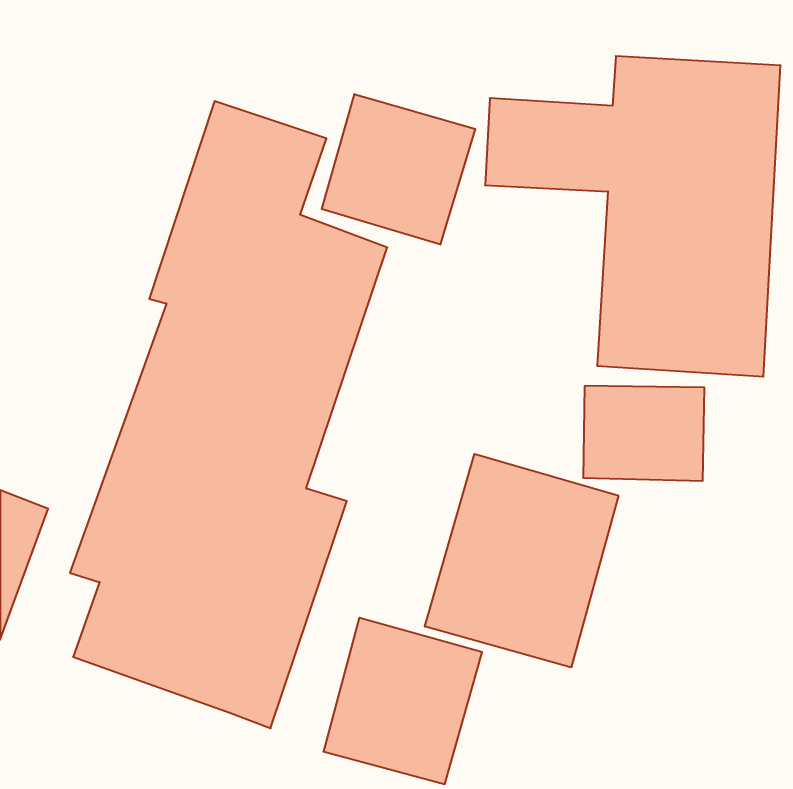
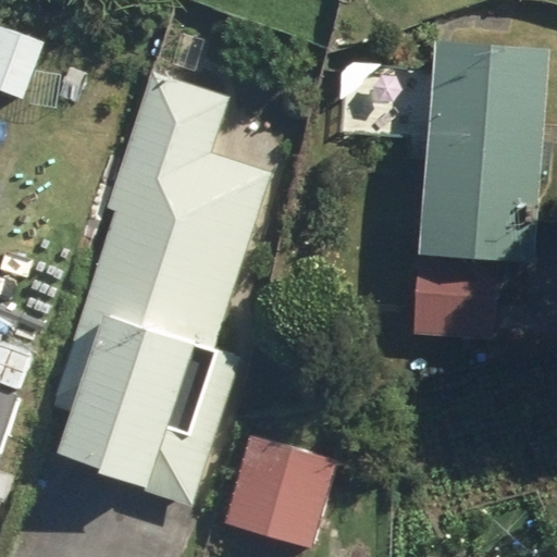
building: [322,94,475,245] -> none
building: [425,454,618,667] -> none

